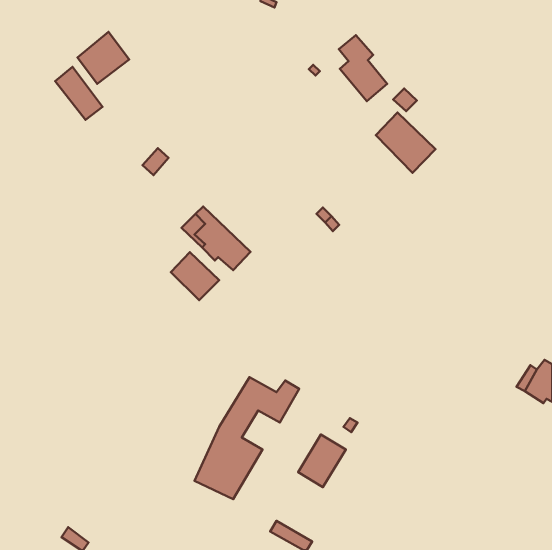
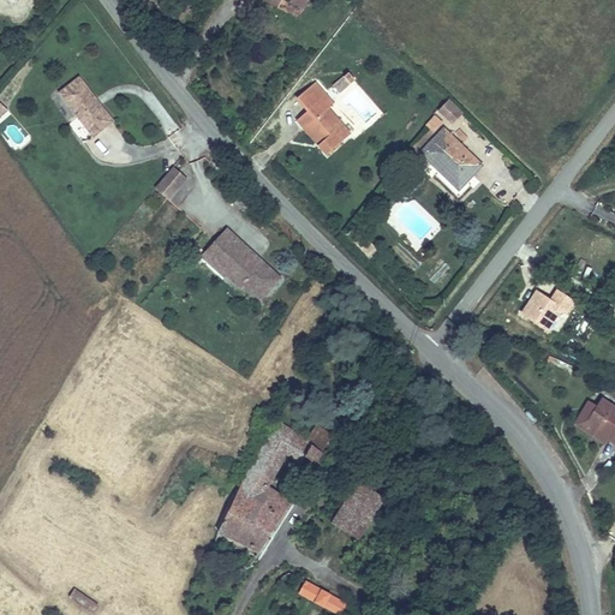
building: [77,32,129,84] -> none
building: [339,35,387,101] -> [297,80,351,154]
building: [171,252,219,300] -> none
building: none -> [519,288,577,334]

